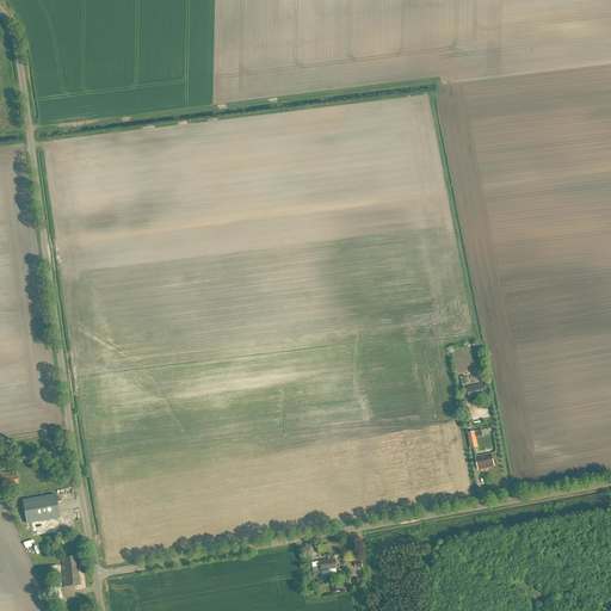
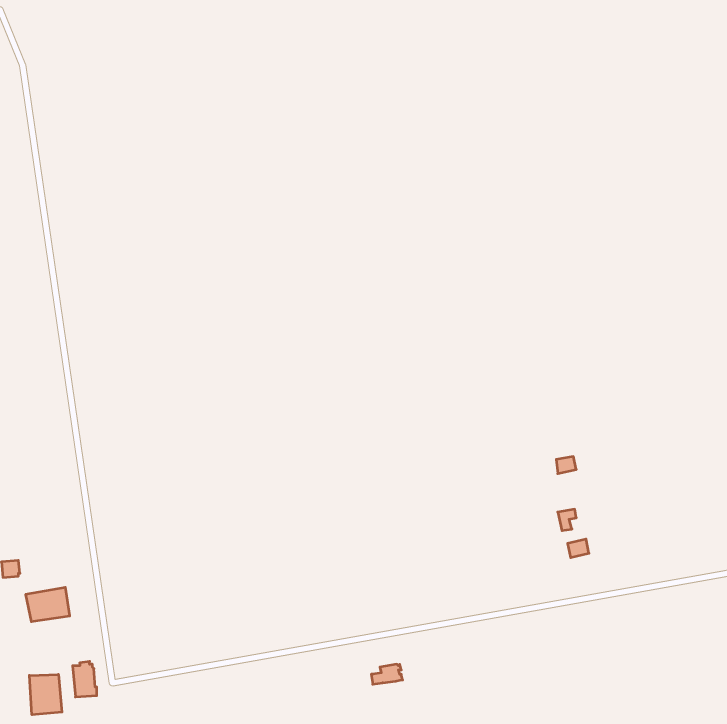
building: none -> [29,674,62,715]

